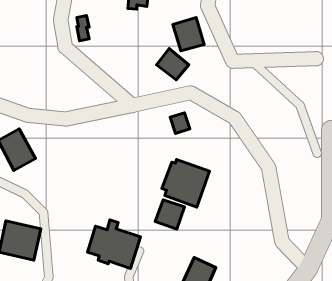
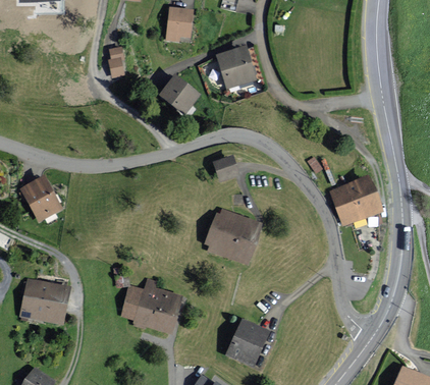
building: [156,48,189,80] -> [160,78,197,114]
building: none -> [332,180,379,224]
building: [155,200,185,229] -> none

